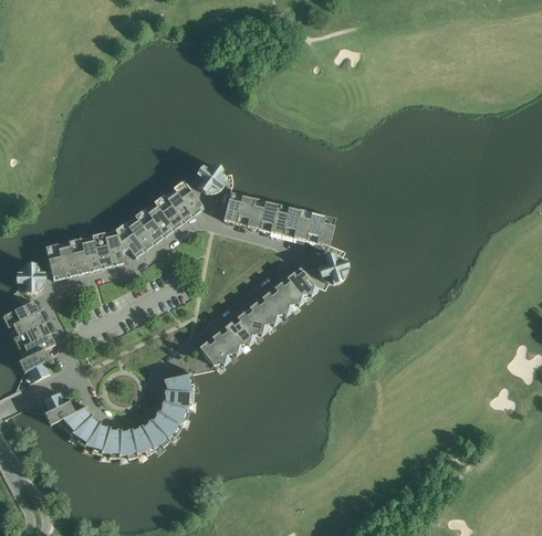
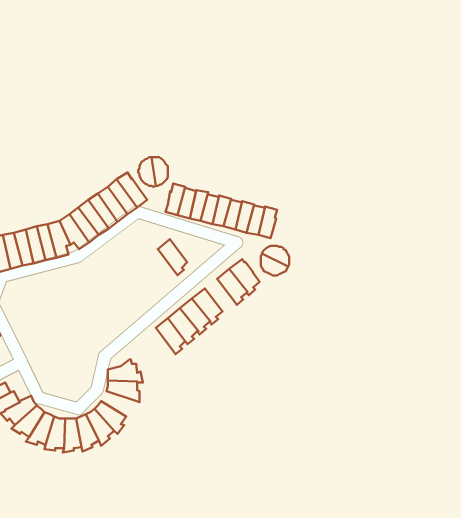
building: [262,286,292,323] -> [158,239,187,275]
building: [199,336,230,372] -> none
building: [157,400,190,429] -> none

